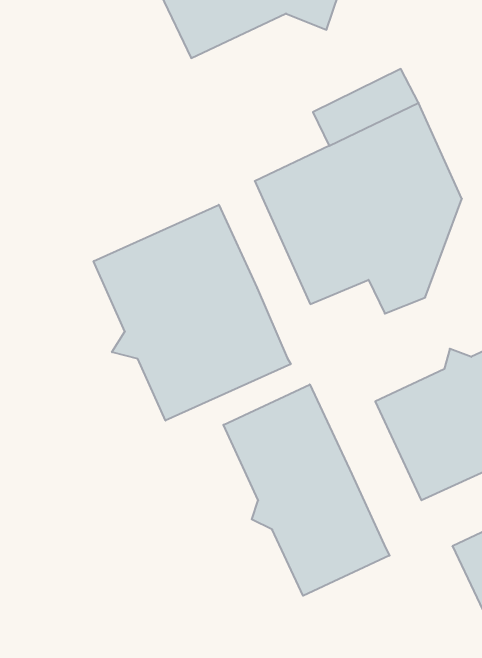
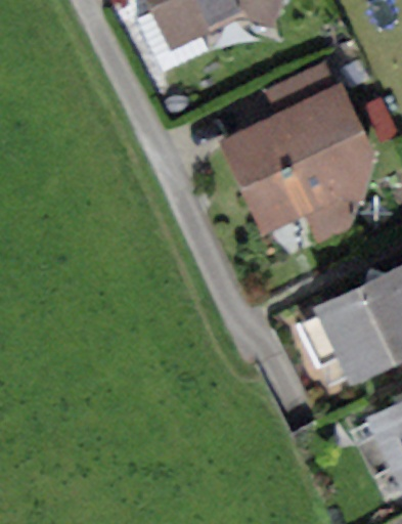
building: [94,205,291,421] -> none
building: [223,384,390,596] -> none

